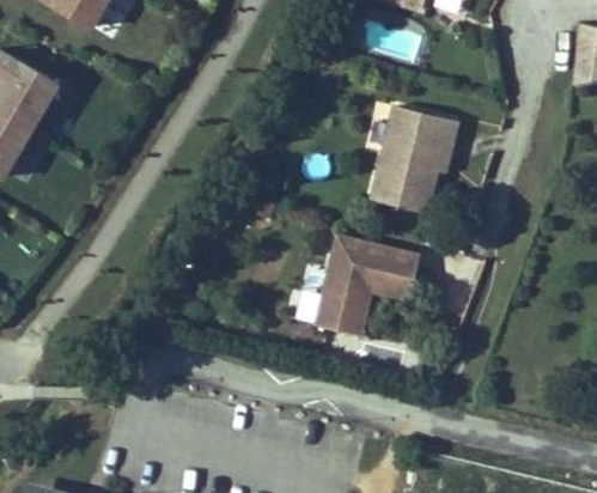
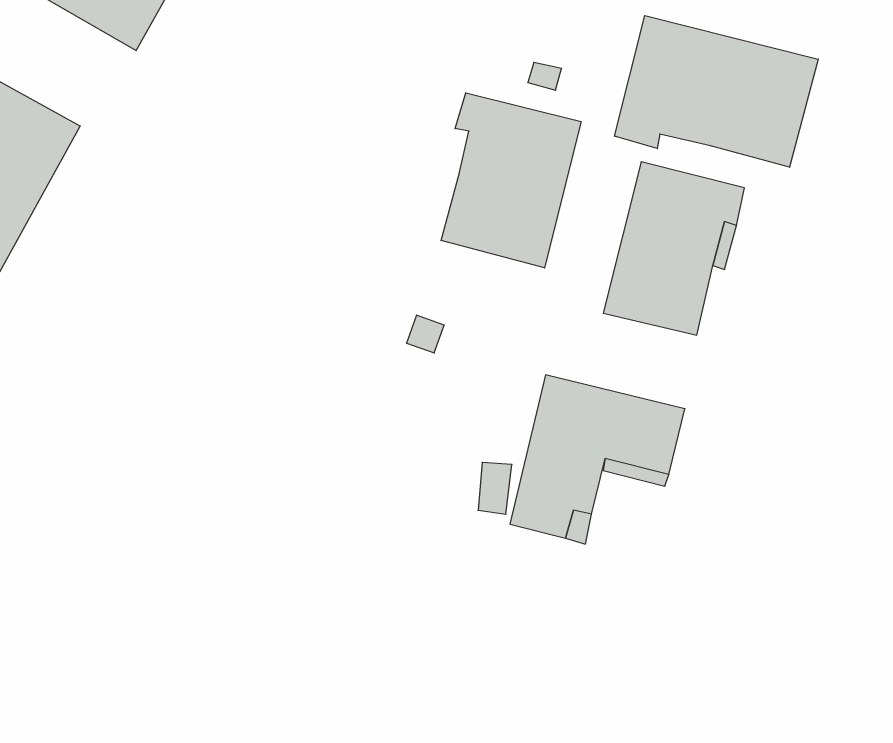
building: none -> [615,16,818,167]
building: none -> [441,93,581,268]

